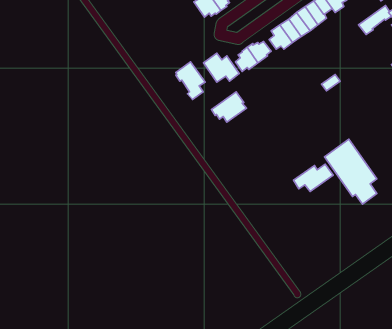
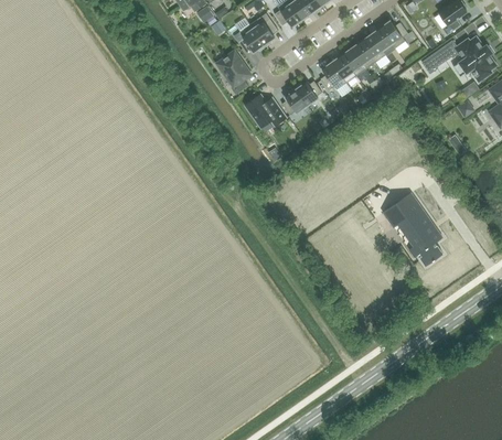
building: [176,62,205,100] -> [217,51,250,94]
building: [212,92,246,122] -> none
building: [294,164,333,192] -> none

